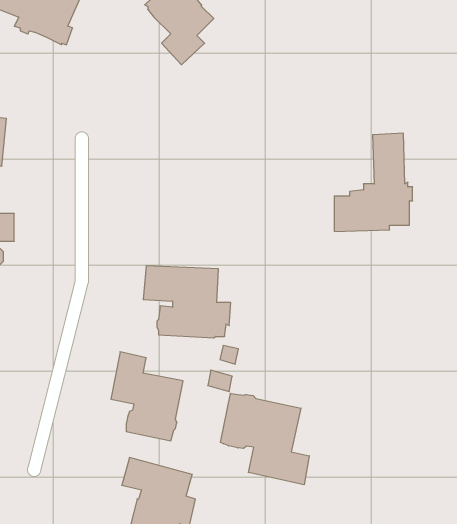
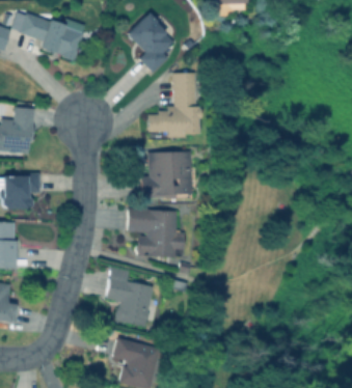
building: [334,133,413,231] -> [147,72,200,138]
building: none -> [141,151,195,199]
building: [220,393,309,485] -> none

